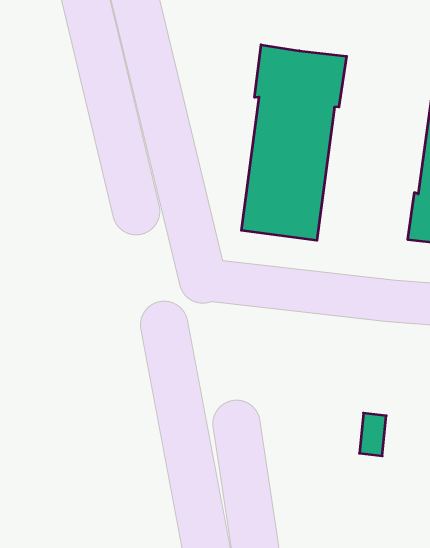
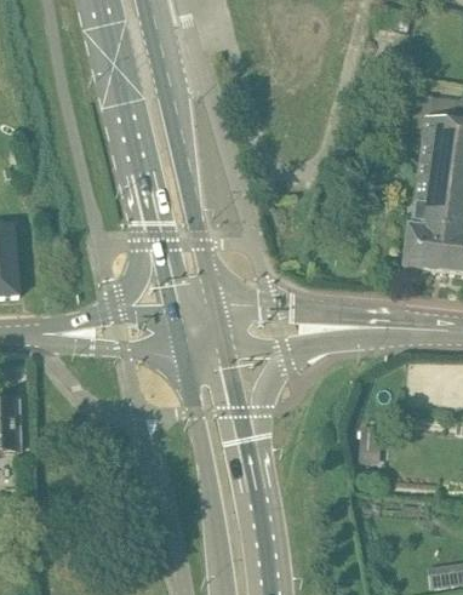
building: [241,45,347,240] -> none

